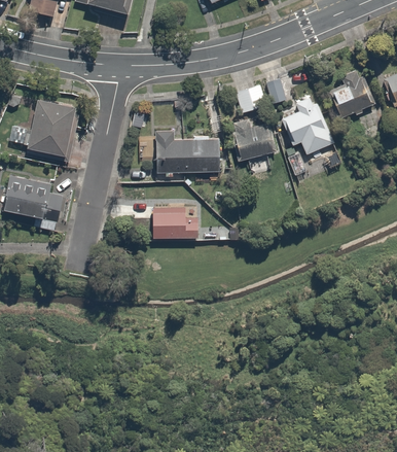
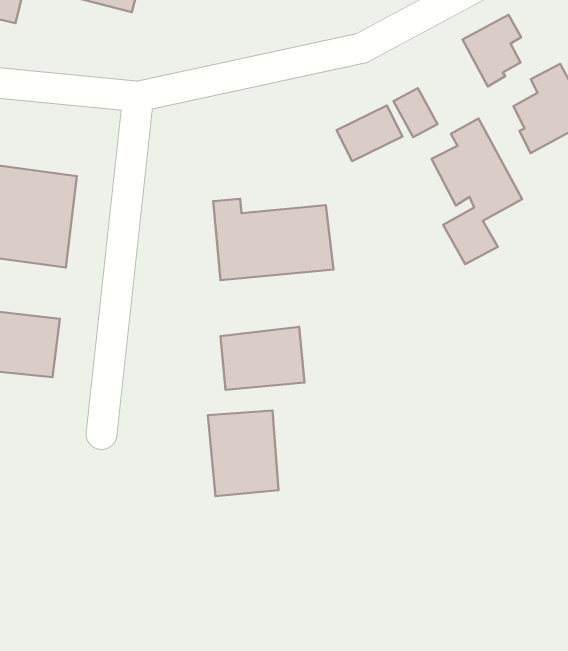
building: none -> [463,15,521,87]
building: [229,119,282,161] -> none
building: none -> [208,411,279,496]

